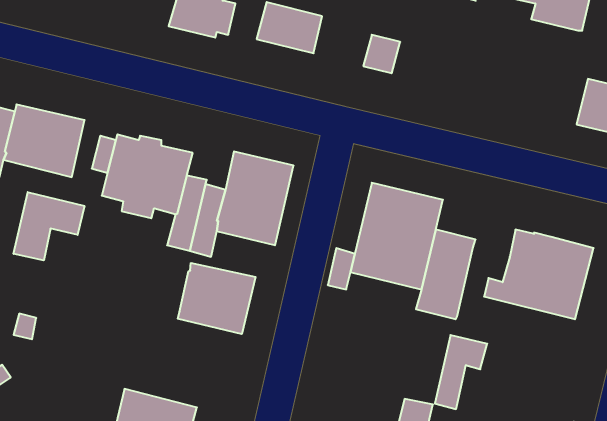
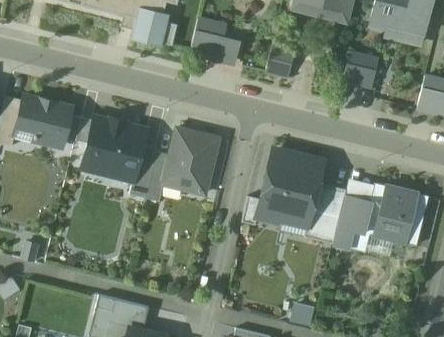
building: none -> [345,55,377,86]
building: [14,192,84,260] -> none
building: [178,263,256,334] -> none
building: [435,335,487,409] -> [333,196,370,248]

